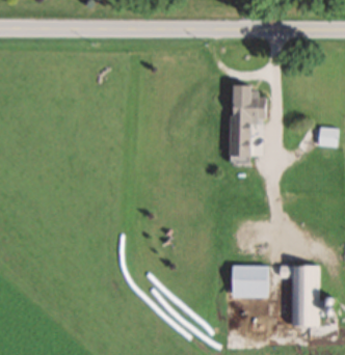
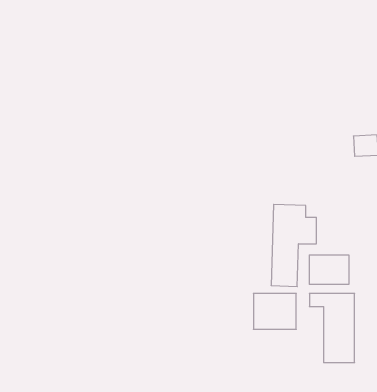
building: [228,85,267,157] -> [271,204,316,287]
building: none -> [309,255,349,284]

